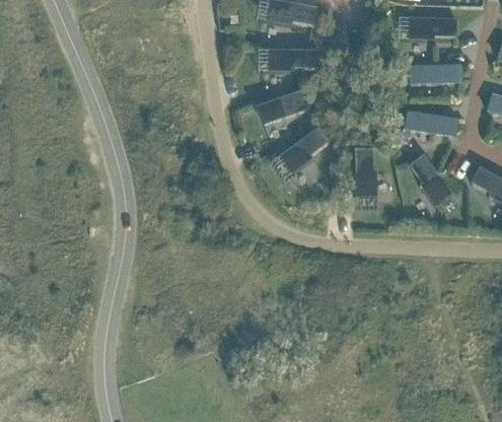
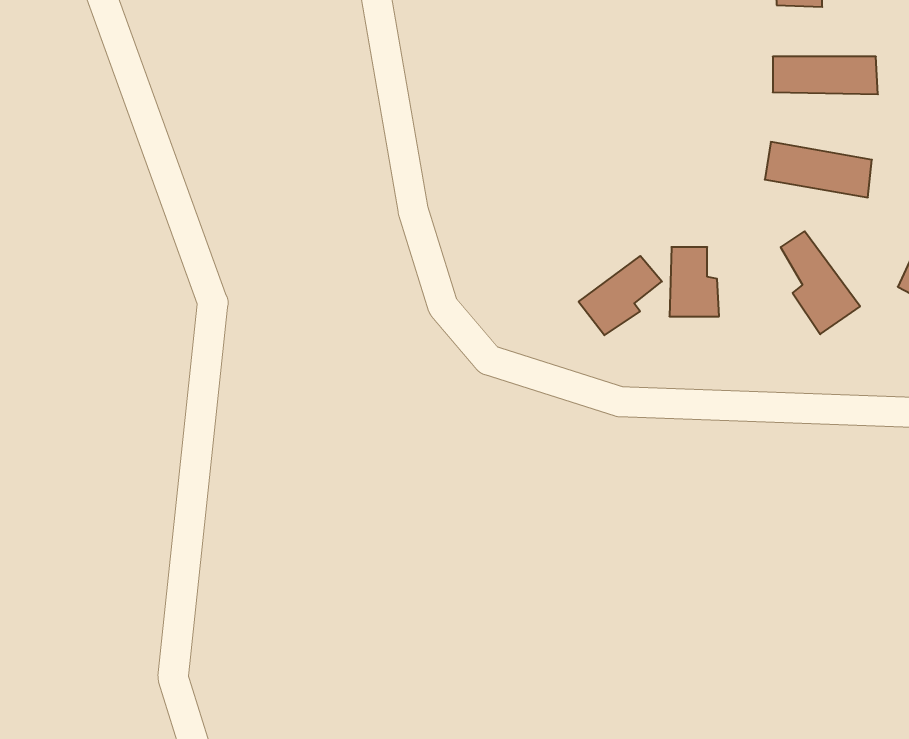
building: [270,50,306,73] -> none
building: [256,91,304,124] -> none
building: [280,133,322,173] -> [579,256,662,335]

